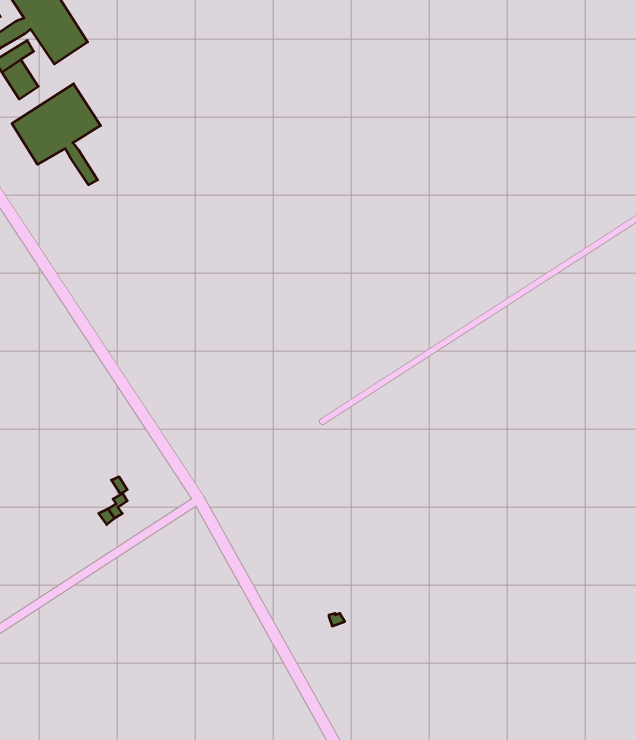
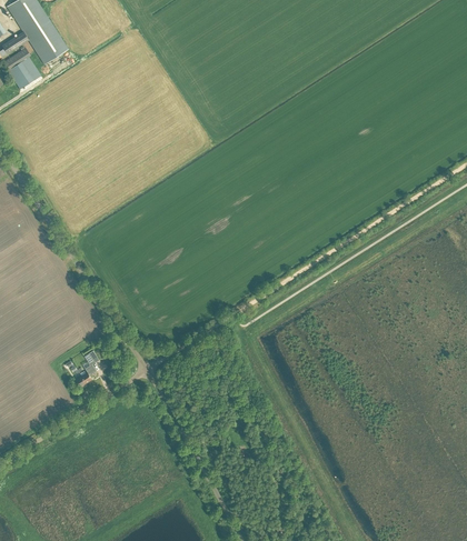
building: [12,84,101,185] -> none

